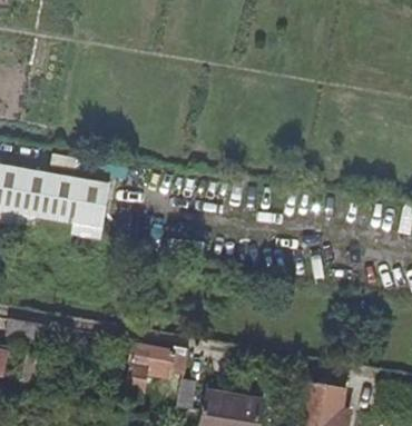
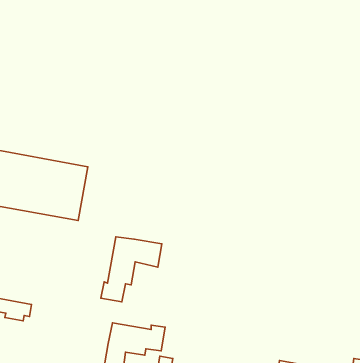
building: none -> [101,237,162,302]

